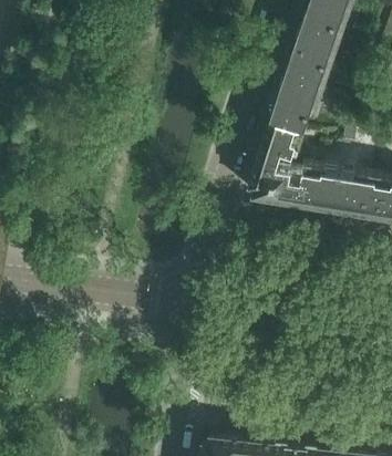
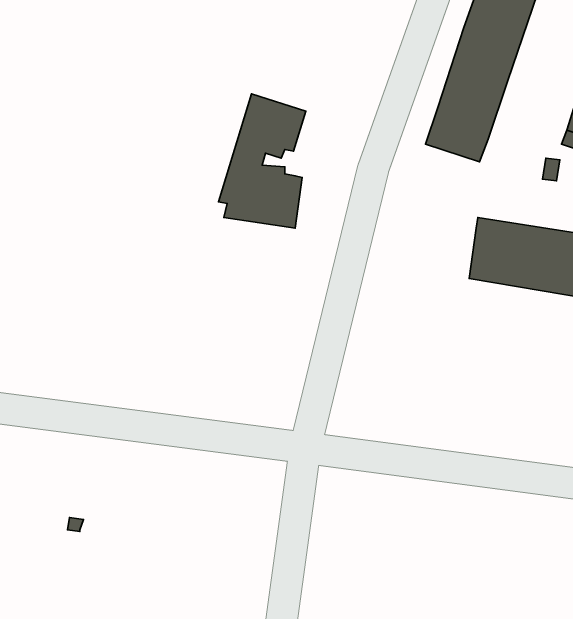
building: [249,121,305,206] -> [218,94,306,228]

